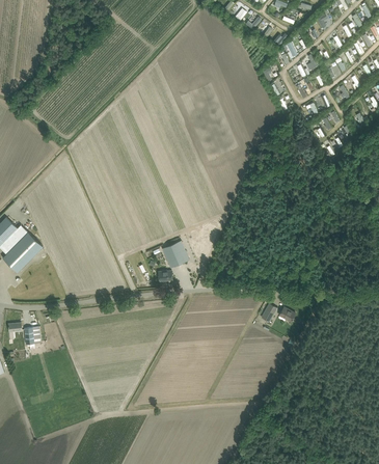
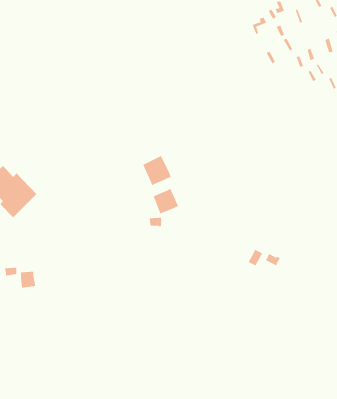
building: none -> [143,155,171,186]

